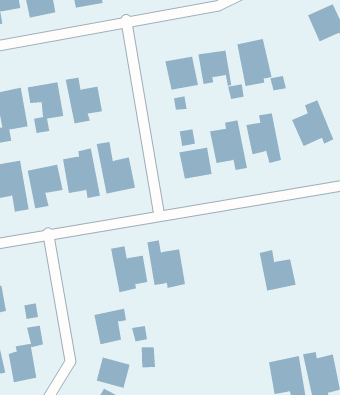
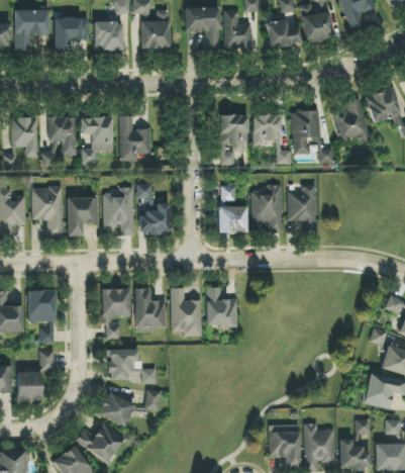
building: [291,100,334,147] -> [331,98,370,143]
building: none -> [102,288,130,340]
building: [259,249,297,291] -> [206,287,237,326]
building: none -> [28,290,56,322]

